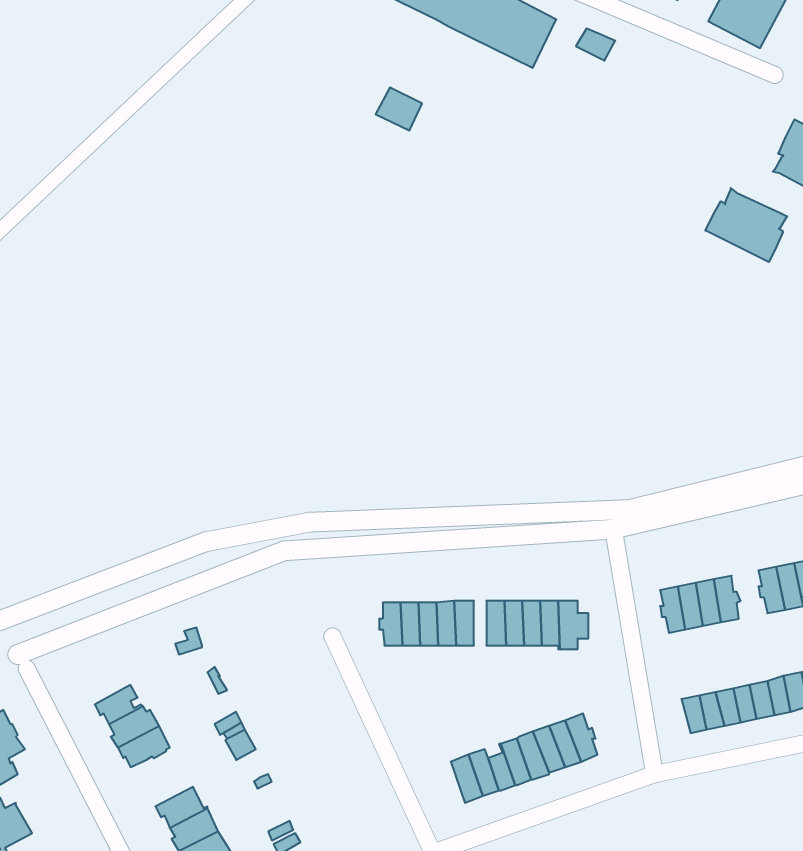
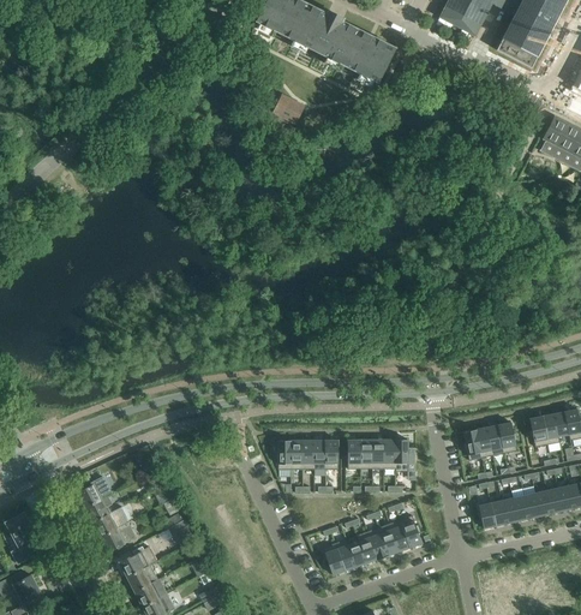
building: [705,188,787,262] -> none
building: none -> [78,476,112,508]
building: none -> [120,545,157,577]

